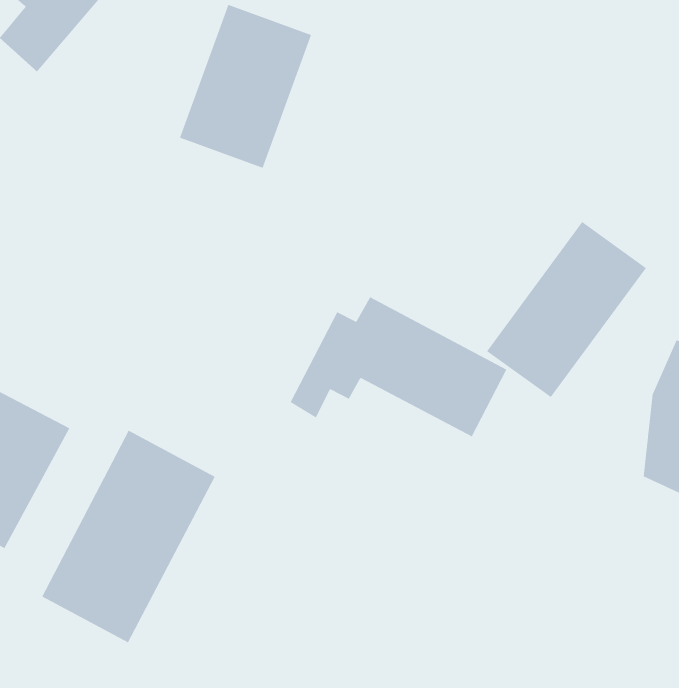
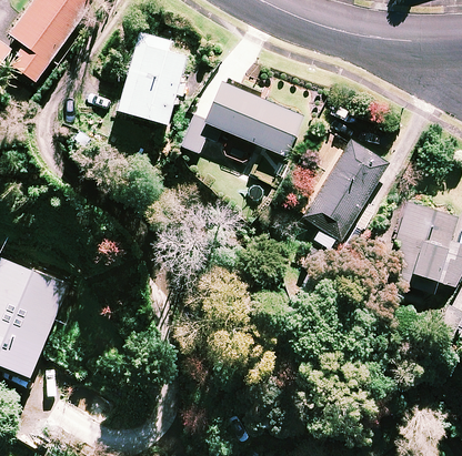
building: [290,297,507,437] -> [182,82,303,156]
building: [41,430,215,643] -> none

